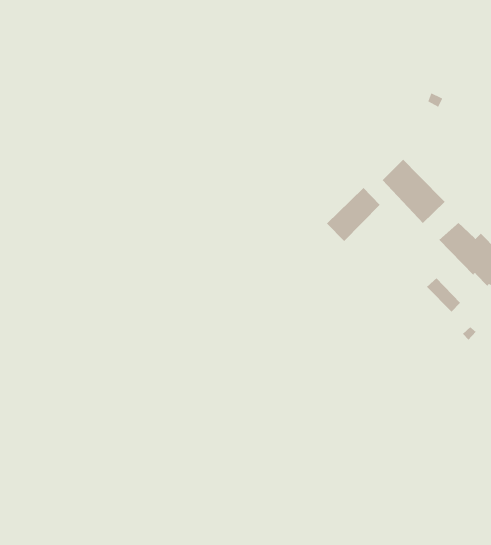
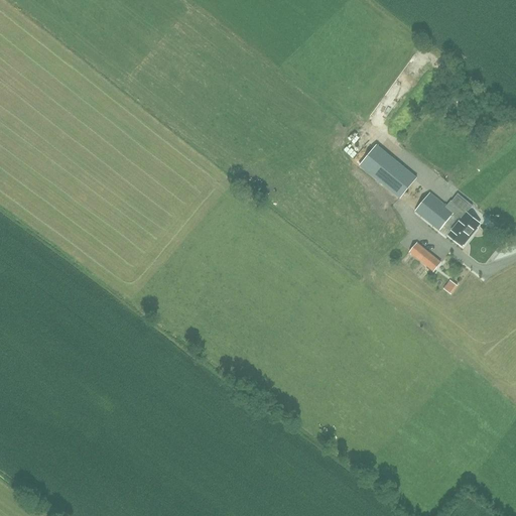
building: [326,187,381,242] -> none

